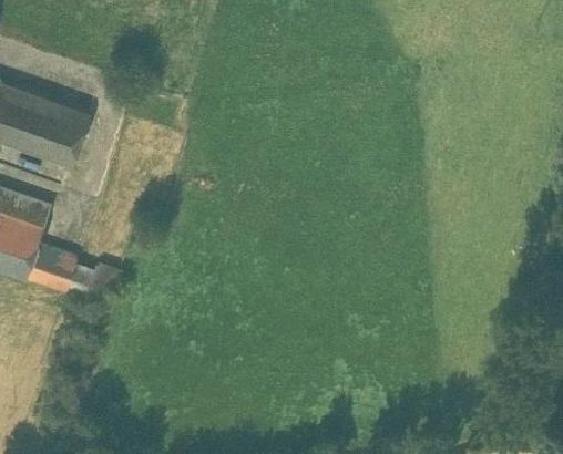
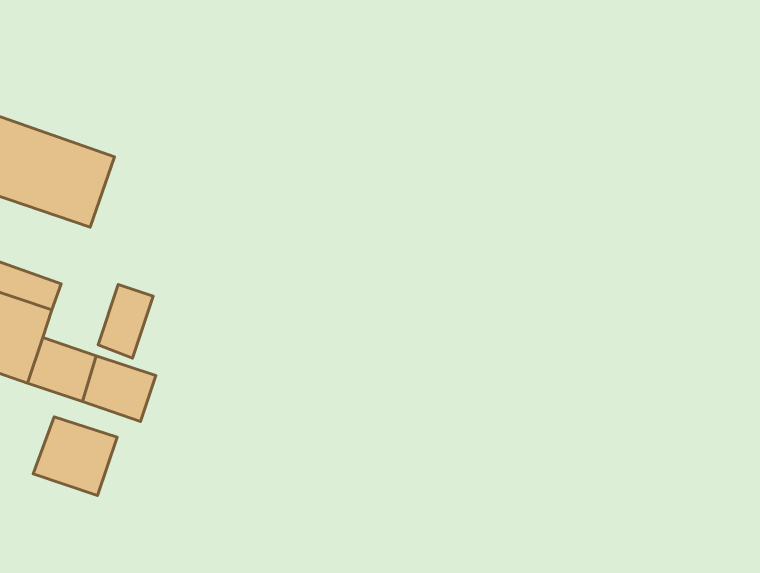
building: none -> [98,284,153,358]
building: none -> [33,417,117,495]

